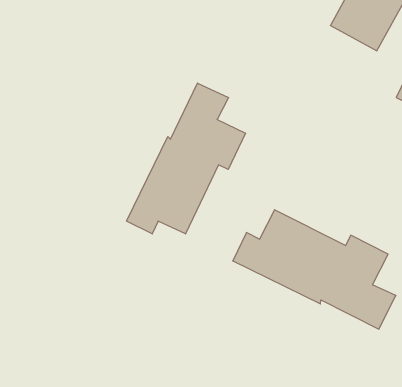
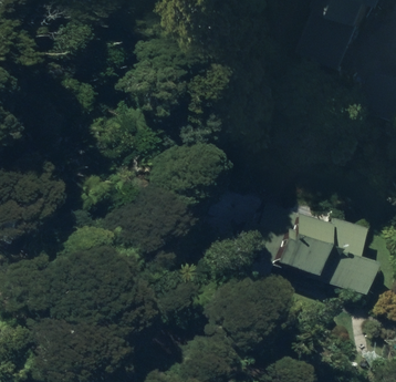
building: [126,83,245,234] -> none

